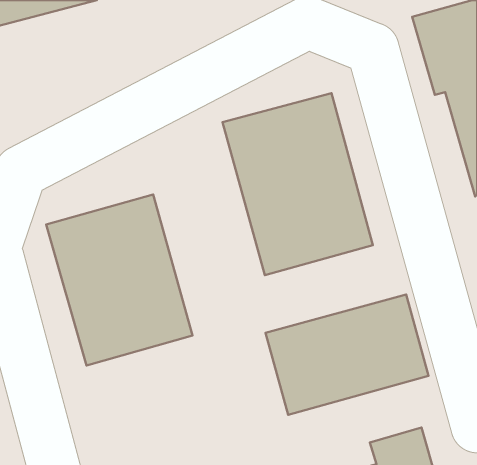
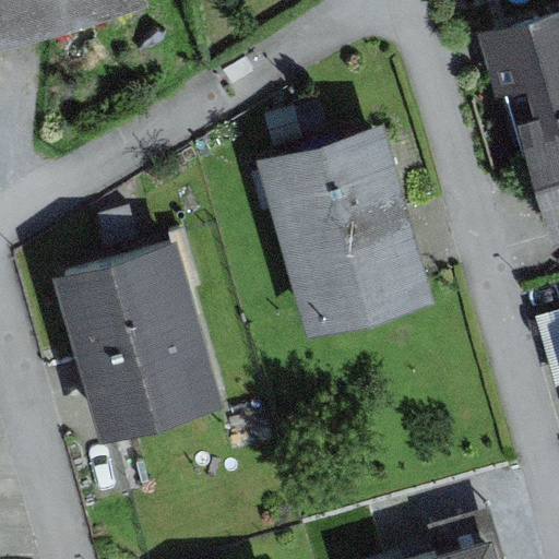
building: [266,295,428,415] -> none

